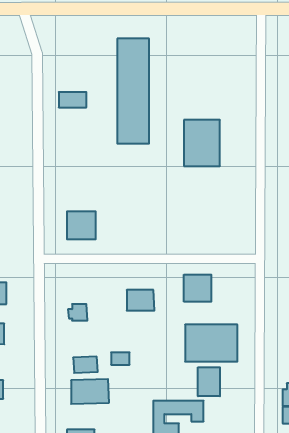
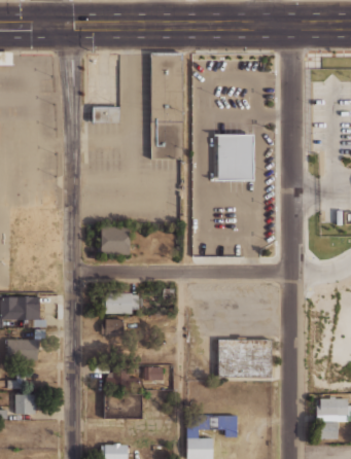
building: [184,275,211,302] -> none
building: [127,290,154,311] -> [106,293,134,314]
building: [198,367,220,396] -> none

